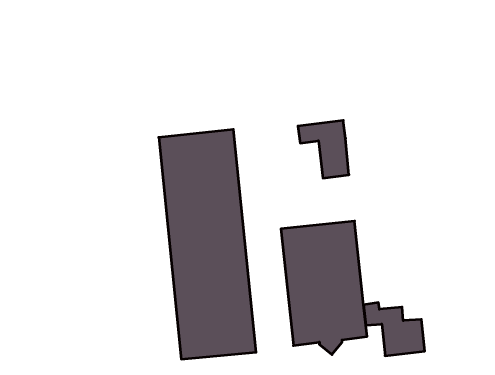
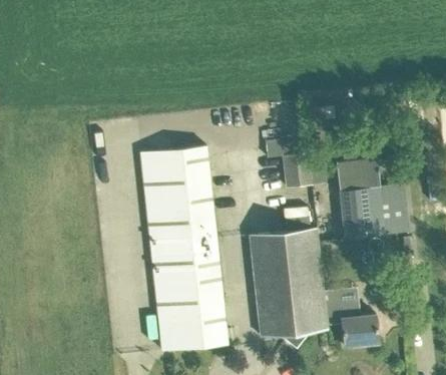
building: none -> [336,160,398,239]

